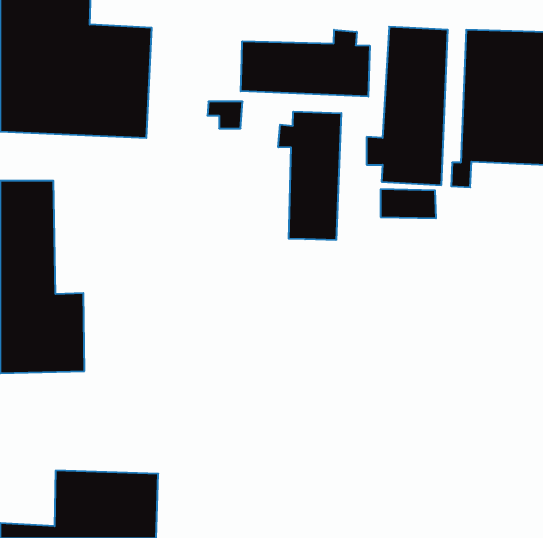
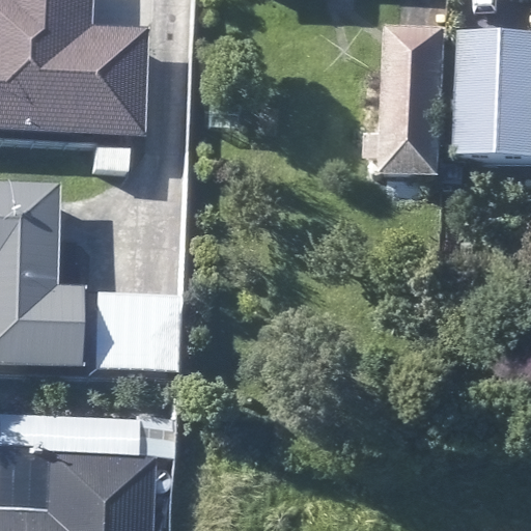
building: [241,30,370,97] -> none
building: [278,112,341,240] -> none

